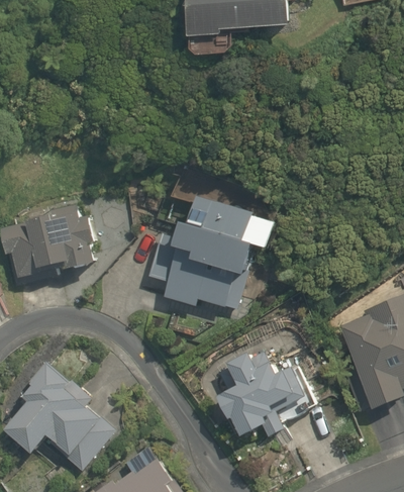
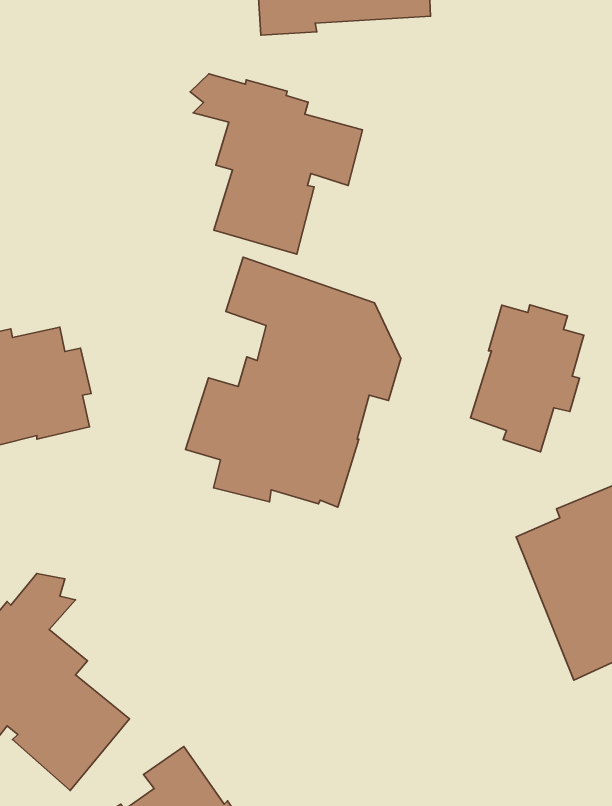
building: none -> [190,74,362,254]
building: none -> [471,305,584,452]
building: [217,354,316,436] -> none

